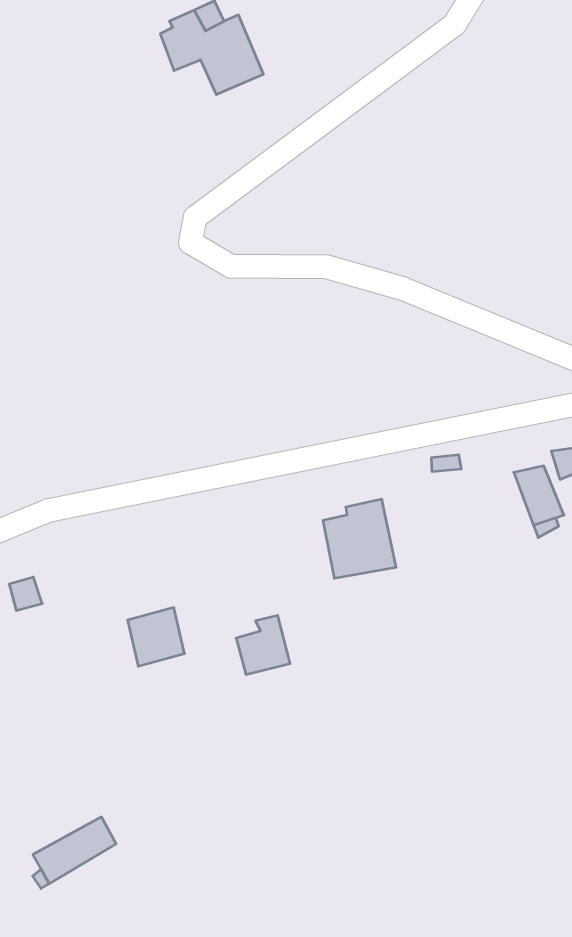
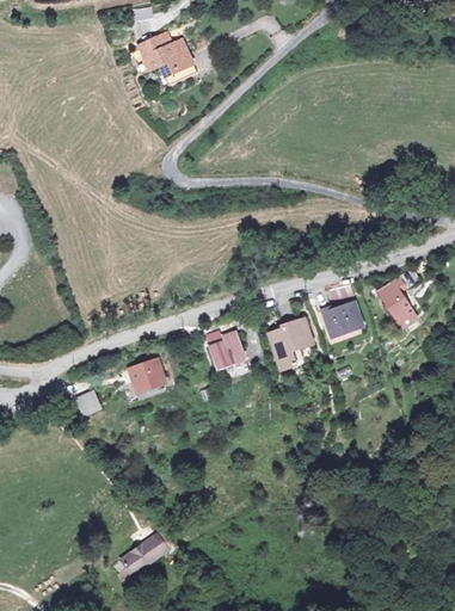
building: none -> [318,302,359,335]
building: [128,608,185,666] -> [127,359,164,397]
building: [236,615,290,674] -> [207,332,241,370]

